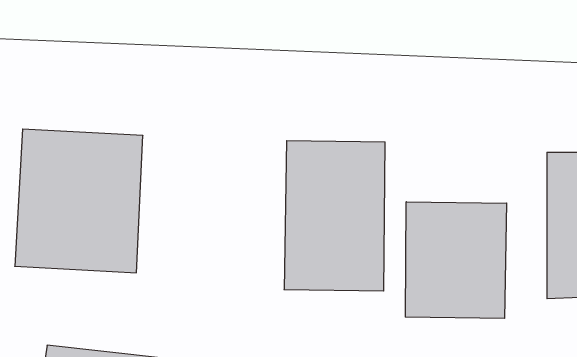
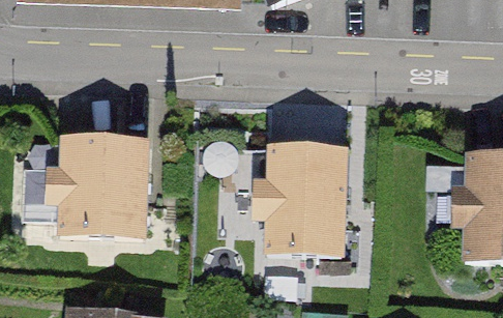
building: [405,202,507,318] -> none

